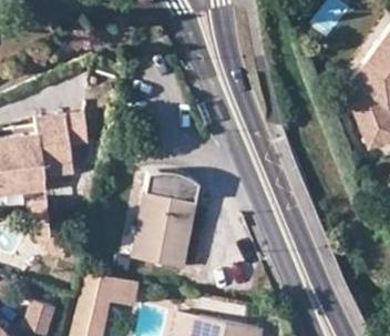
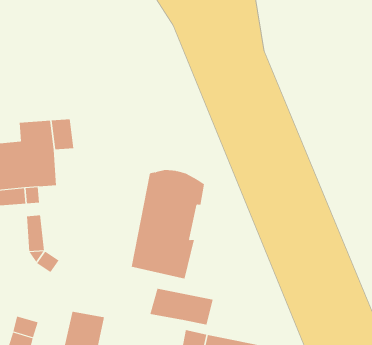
building: [80,273,137,306] -> [149,288,213,325]

